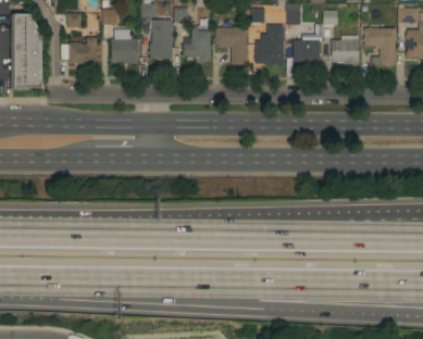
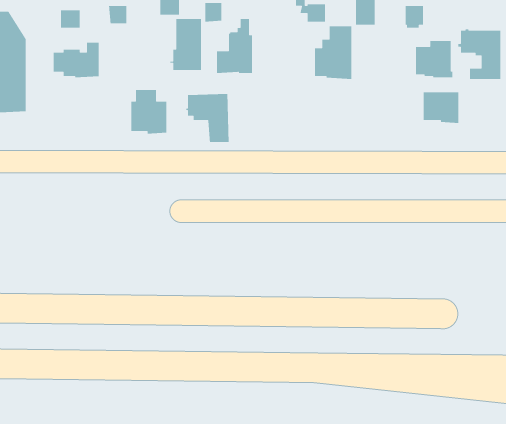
building: [214,27,247,64] -> [186,93,229,143]
building: [111,30,138,64] -> [131,89,167,135]
building: [293,40,320,64] -> [423,92,459,124]

